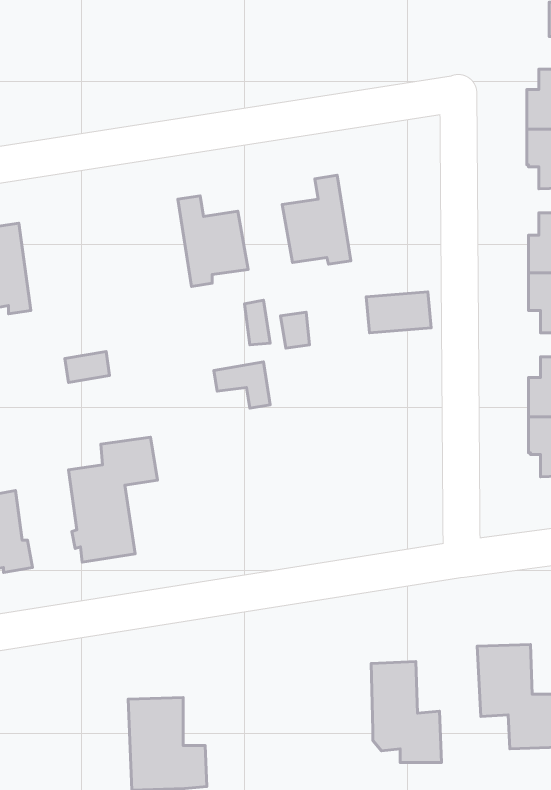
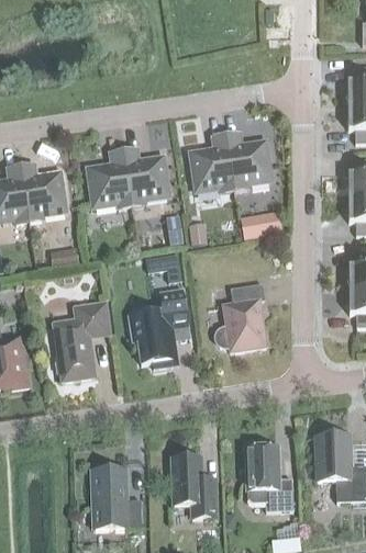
building: none -> [225,132,270,189]
building: none -> [86,149,132,207]
building: none -> [21,162,65,221]
building: none -> [215,282,266,351]
building: none -> [130,289,190,368]
building: none -> [171,456,215,518]

